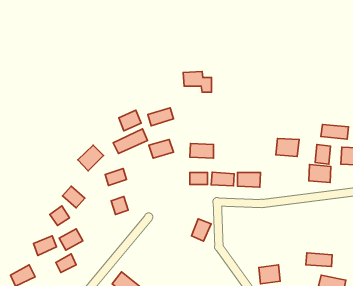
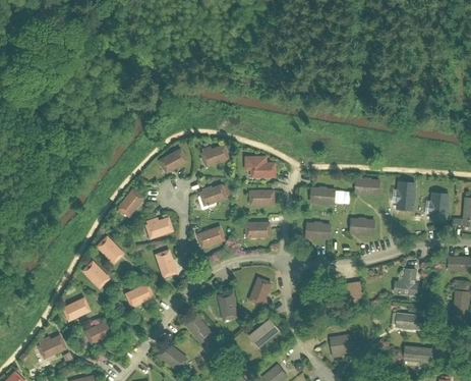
building: [183,72,211,92] -> [245,154,279,178]
building: [321,124,349,139] -> none
building: [113,129,148,153] -> none
building: [309,165,331,183] -> [350,216,376,237]
building: [211,172,234,186] -> [310,187,338,204]
building: none -> [197,226,227,249]
building: none -> [395,279,419,300]
building: [59,229,83,250] -> [126,282,155,308]
building: none -> [219,293,242,322]
building: none -> [186,314,214,343]
building: none -> [248,319,280,347]

